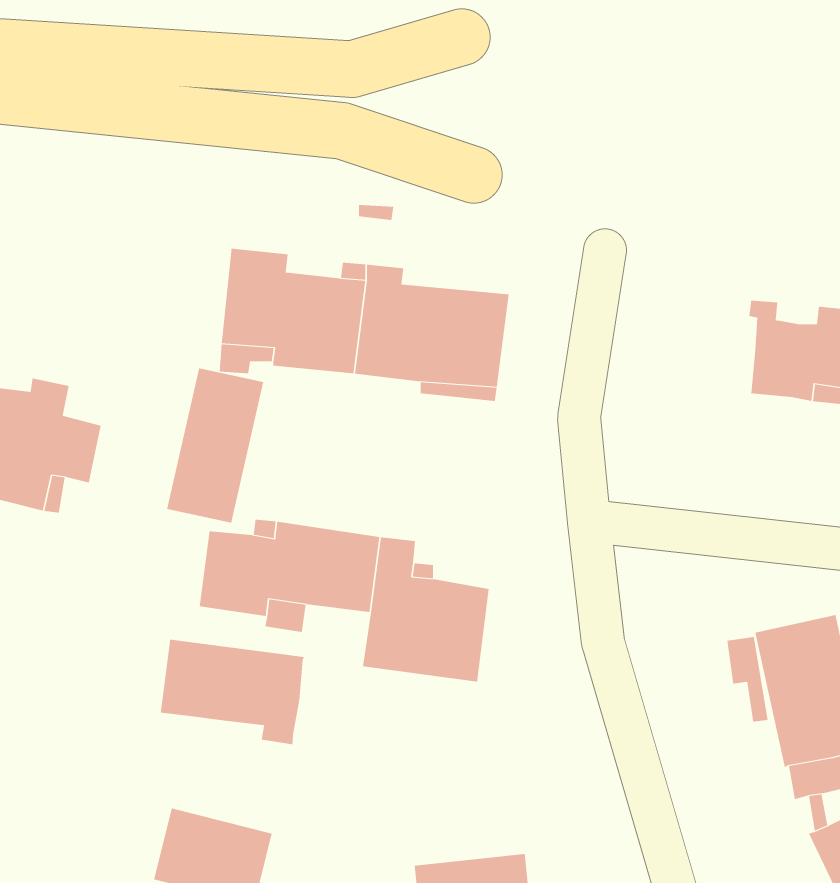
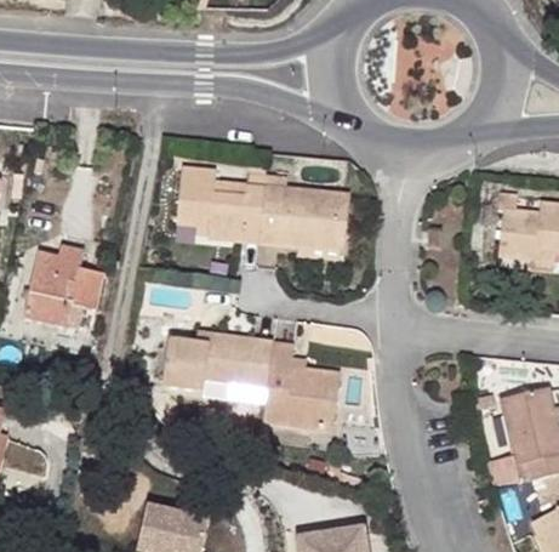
building: [167,367,264,523] -> none
building: [160,639,305,745] -> none

